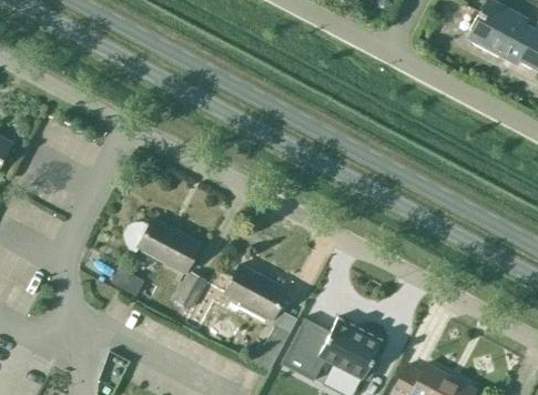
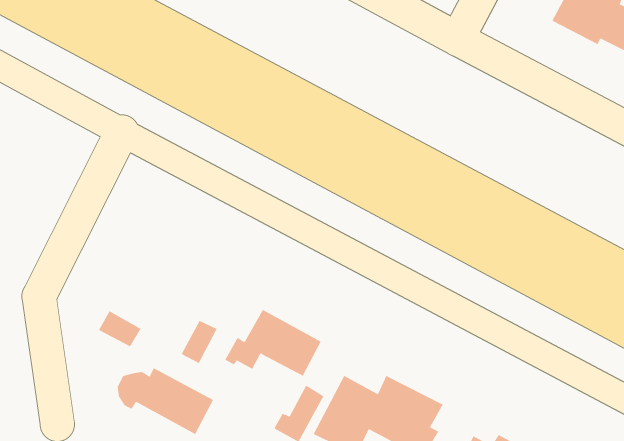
building: [124,220,201,273] -> [117,367,214,435]

